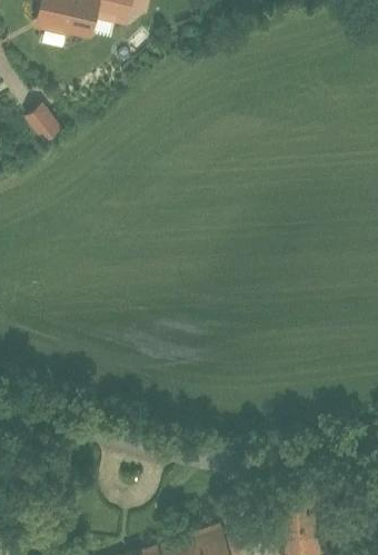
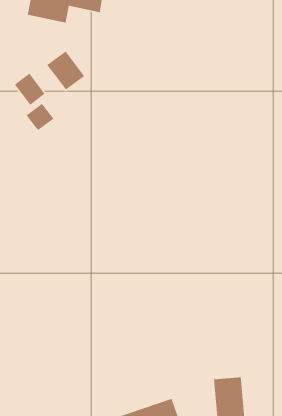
building: none -> [46,50,85,90]
building: none -> [26,103,54,131]

